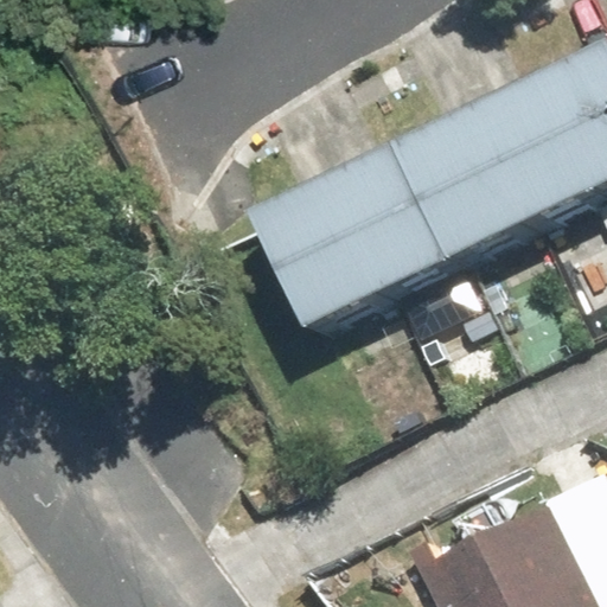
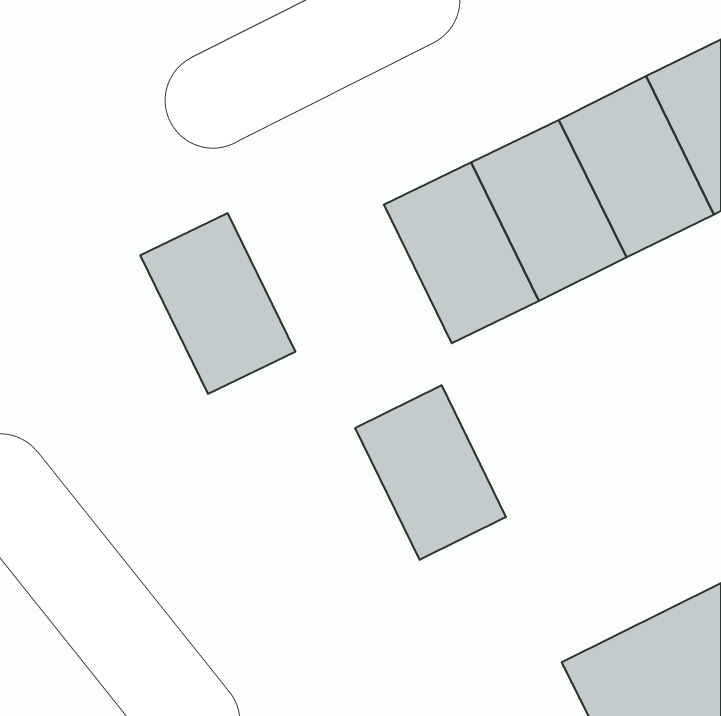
building: [249,177,379,328] -> [140,213,295,394]
building: none -> [355,385,506,560]

